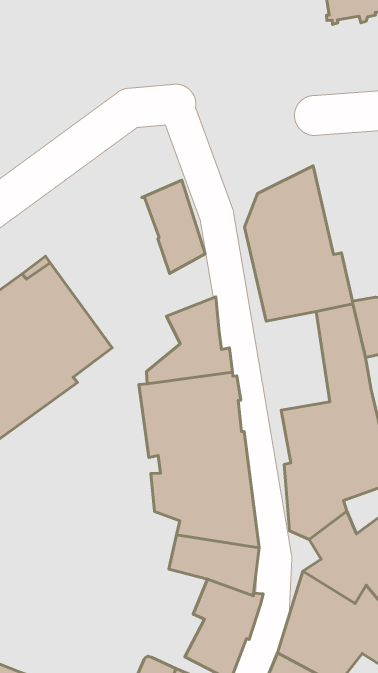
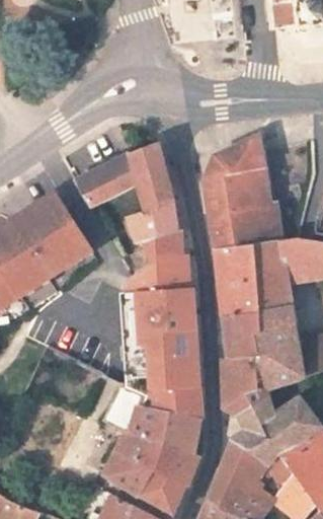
building: none -> [74,153,139,208]
building: none -> [127,198,178,243]
building: none -> [215,245,258,317]
building: none -> [101,383,160,497]

